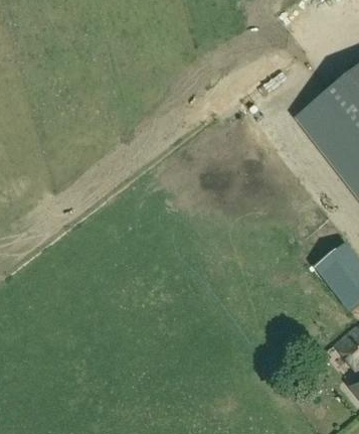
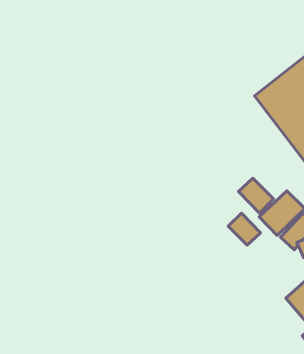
building: none -> [239,178,274,213]
building: none -> [228,213,260,245]

